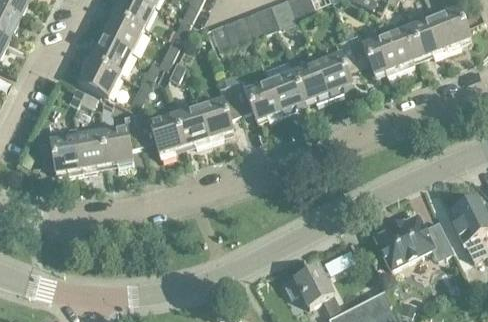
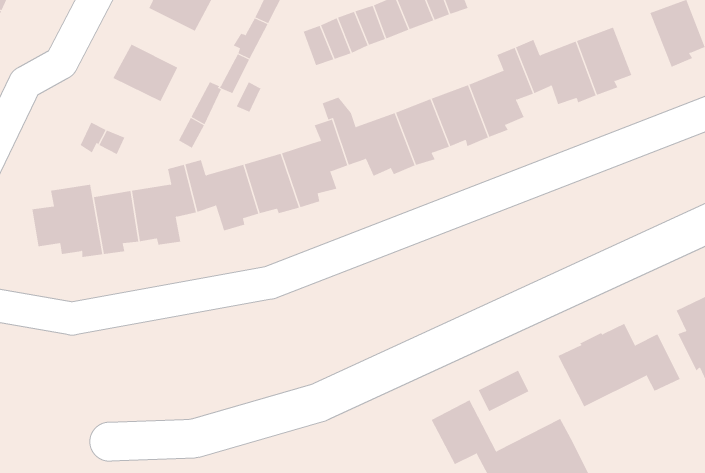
building: [102,14,143,52] -> none
building: [411,17,448,57] -> none
building: [79,59,121,98] -> none

